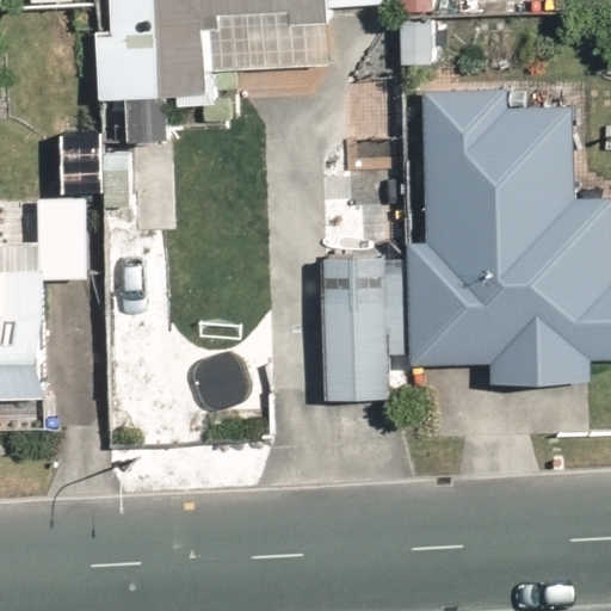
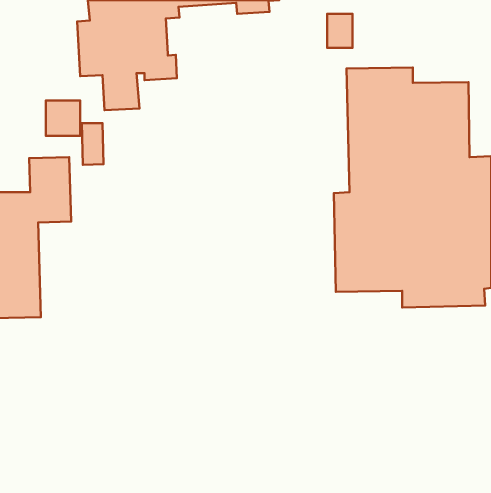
building: [321,259,407,401] -> none

